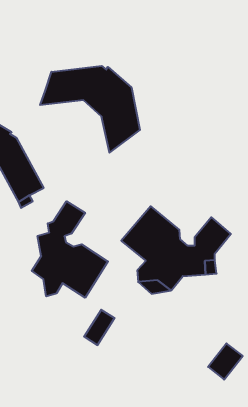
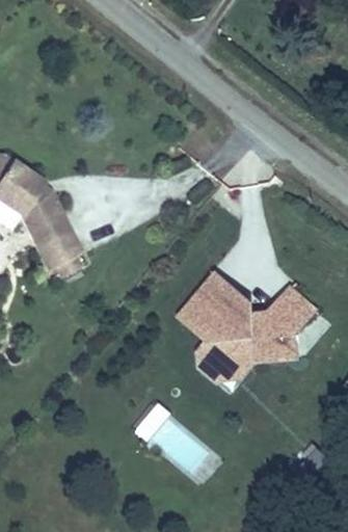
building: [40,66,140,153] -> none
building: [32,201,108,298] -> none

